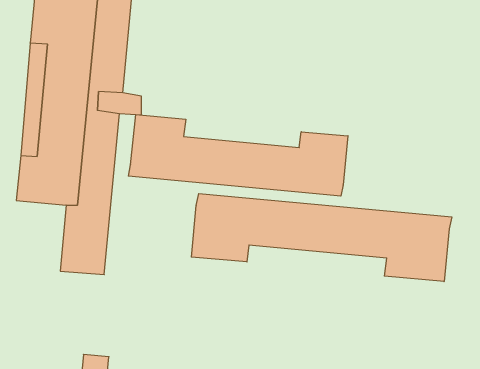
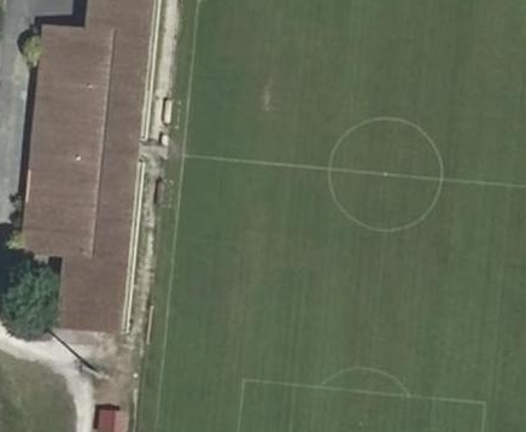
building: [128,115,348,196] -> none
building: [191,194,452,282] -> none

